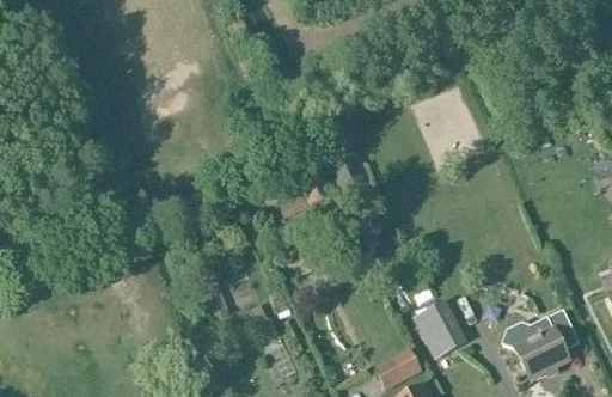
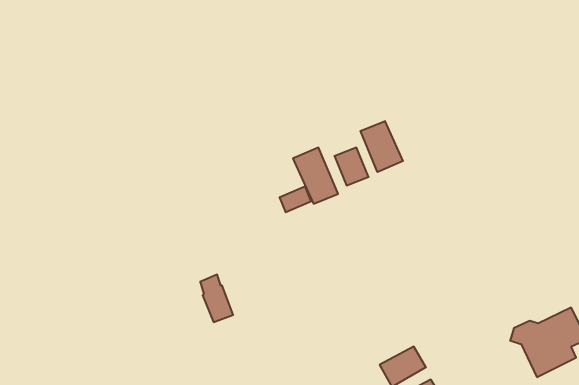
building: none -> [360,121,403,172]
building: [416,299,470,356] -> none

